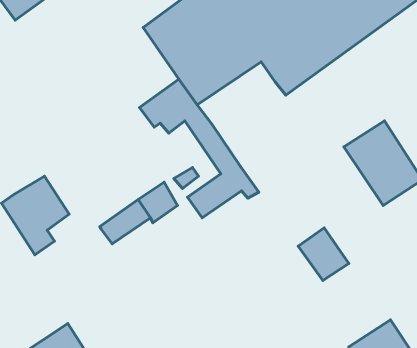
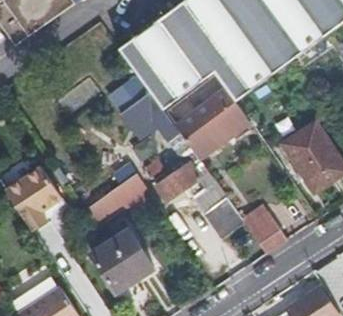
building: none -> [176,92,249,161]
building: none -> [193,184,245,240]
building: none -> [90,230,153,295]

